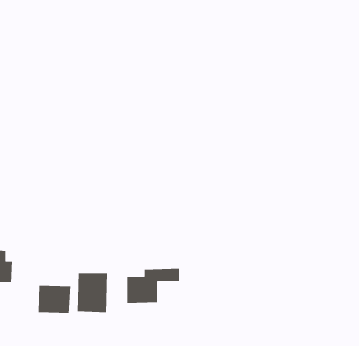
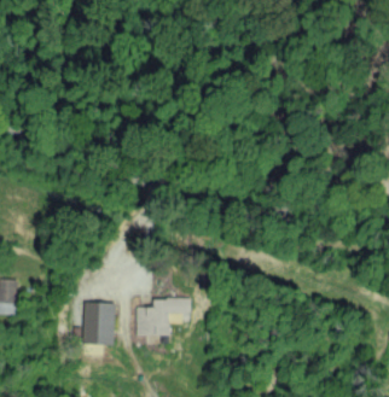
building: [38,285,71,314] -> none

